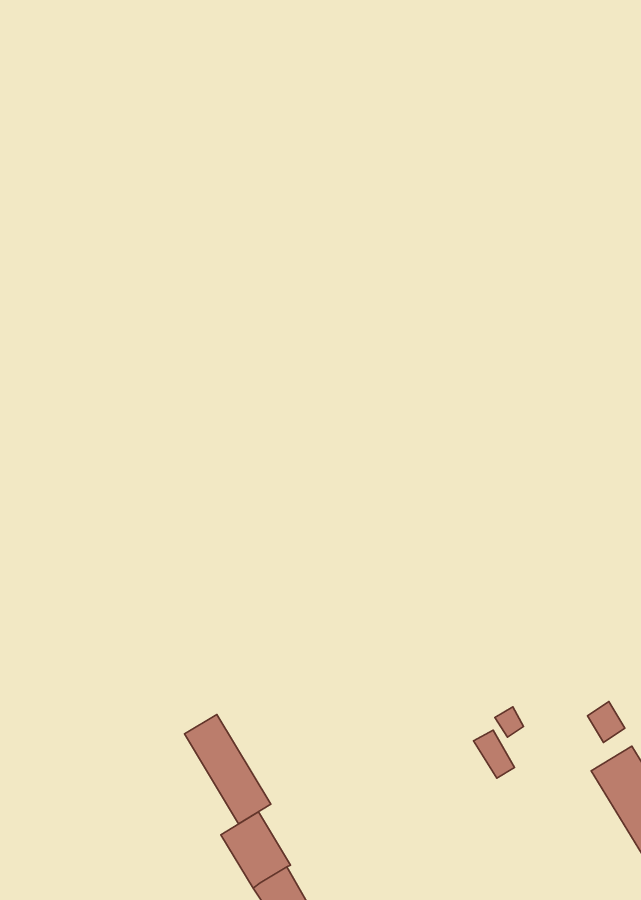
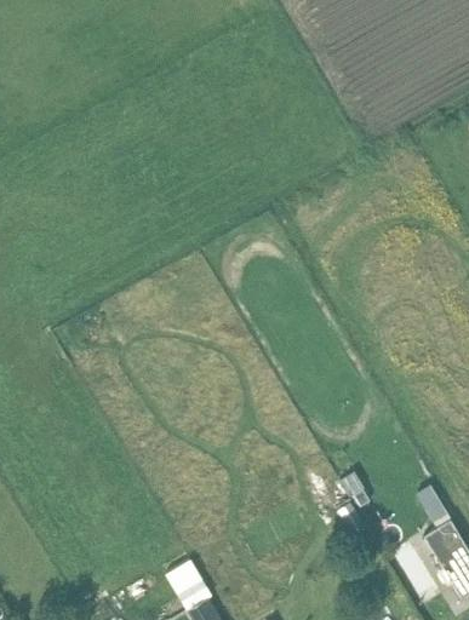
building: [185,715,271,824] -> none

